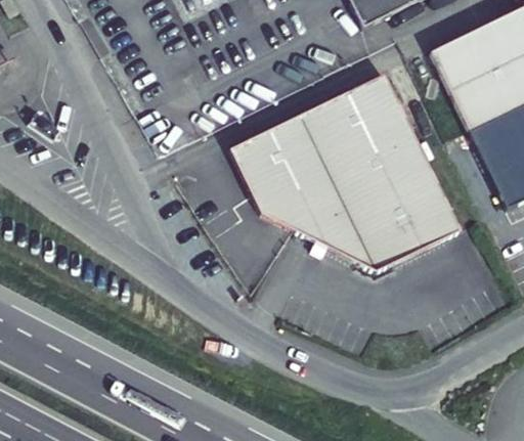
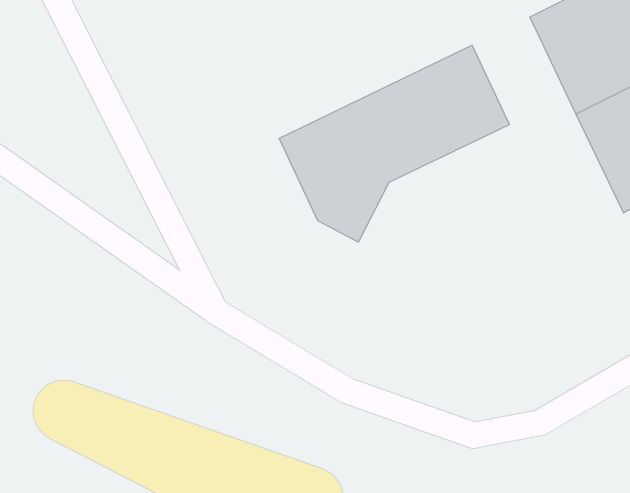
building: [294,135,460,270] -> none

